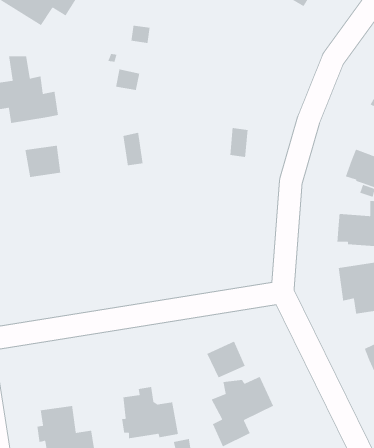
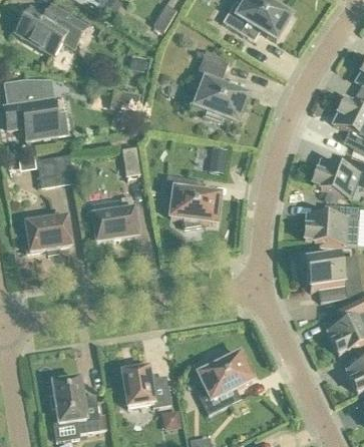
building: none -> [194,48,249,120]
building: none -> [163,173,220,226]
building: none -> [92,193,137,240]
building: none -> [25,210,71,251]
building: [206,340,246,379] -> none

